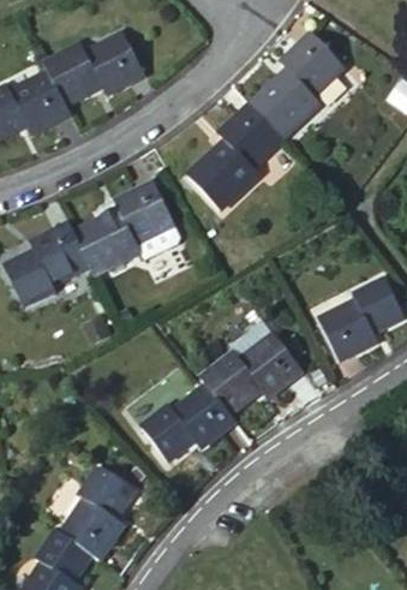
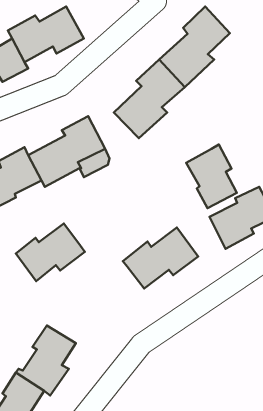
building: none -> [186,144,237,208]
building: [140,383,234,461] -> [16,224,85,281]

